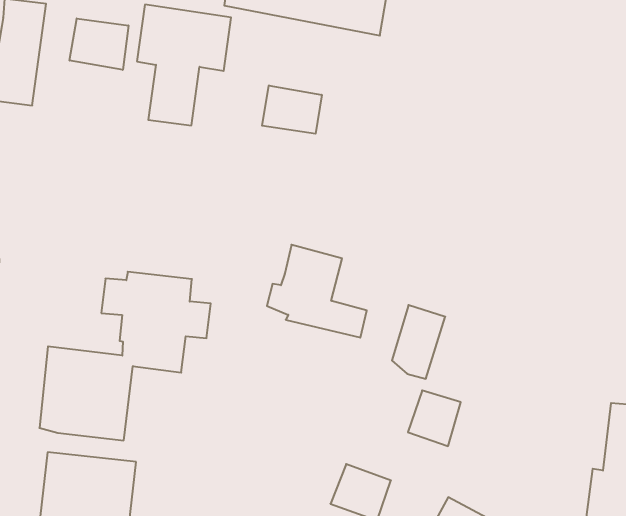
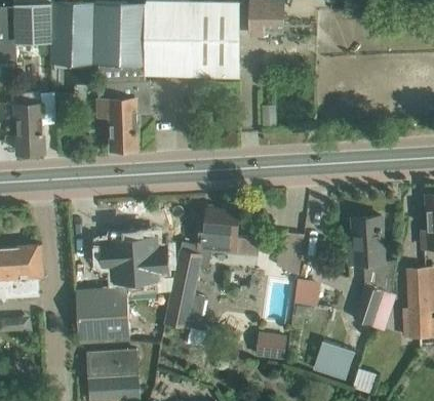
building: [70,18,128,70] -> none
building: [262,85,322,134] -> none
building: none -> [165,243,211,329]
building: none -> [348,217,396,332]

